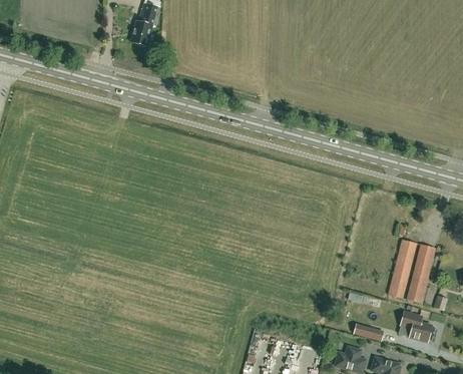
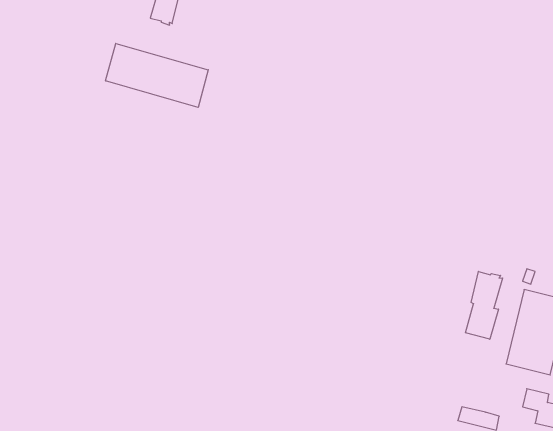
building: none -> [106,43,208,107]
building: none -> [466,271,503,339]

